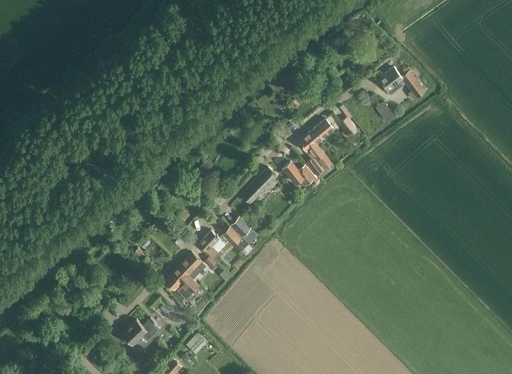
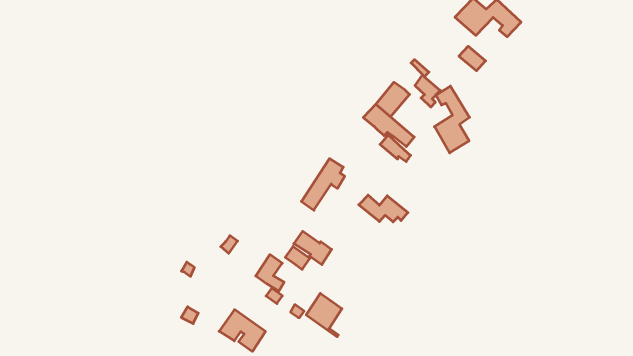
building: none -> [434,86,470,153]
building: [282,162,317,185] -> [359,195,408,222]
building: [178,252,205,286] -> [306,293,342,337]

